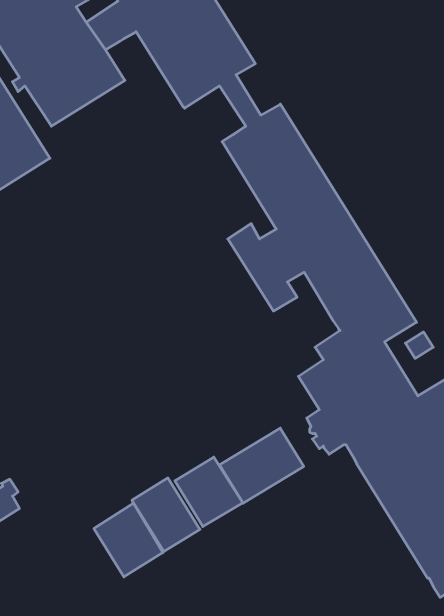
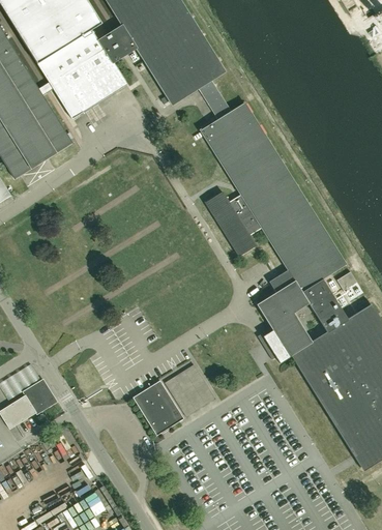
building: [220,428,304,503] -> none
building: [94,503,163,577] -> none

